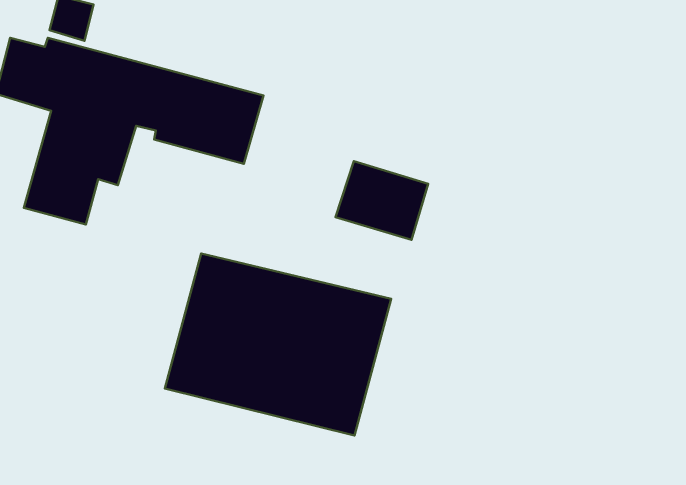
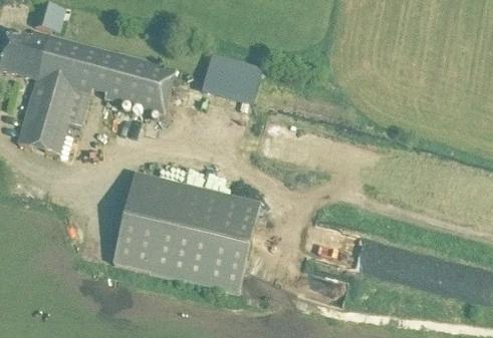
building: [336,161,428,240] -> [201,50,262,102]

